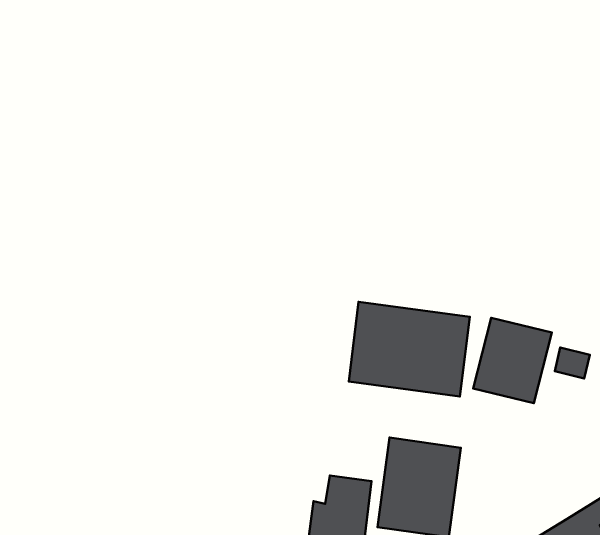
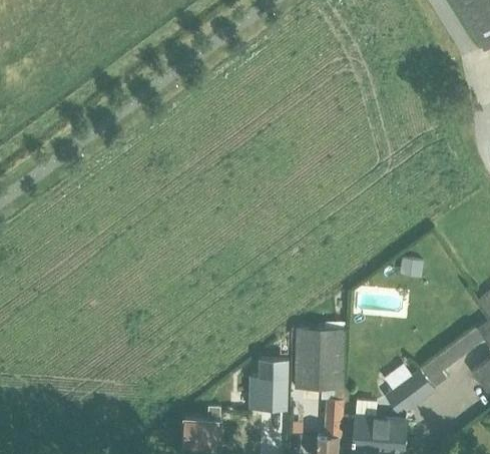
building: [349,302,470,396] -> none
building: [473,318,552,403] -> none

